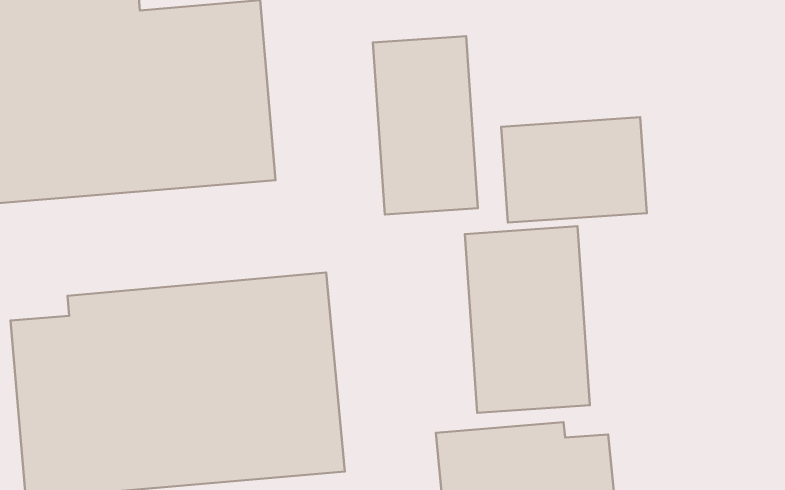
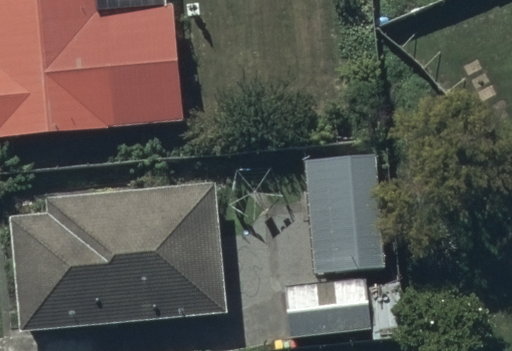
building: [373,36,478,215] -> none
building: [501,117,647,223] -> none

